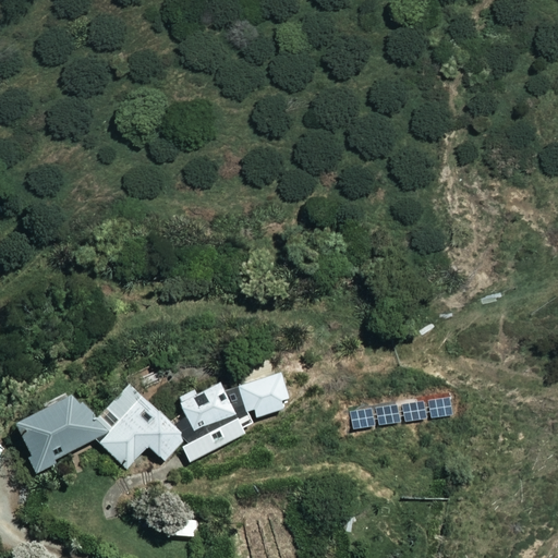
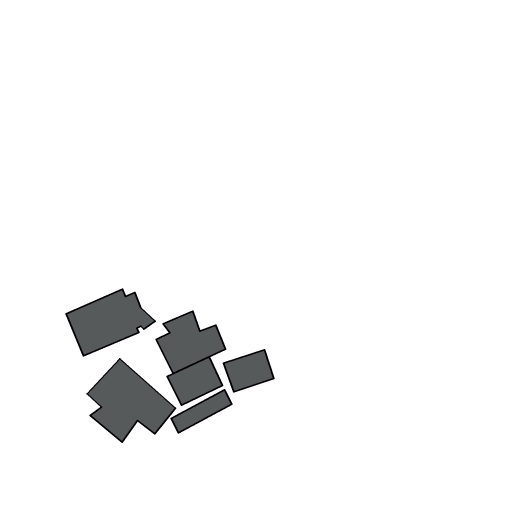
building: none -> [156,311,226,374]
building: [13,399,108,470] -> [66,289,155,356]

